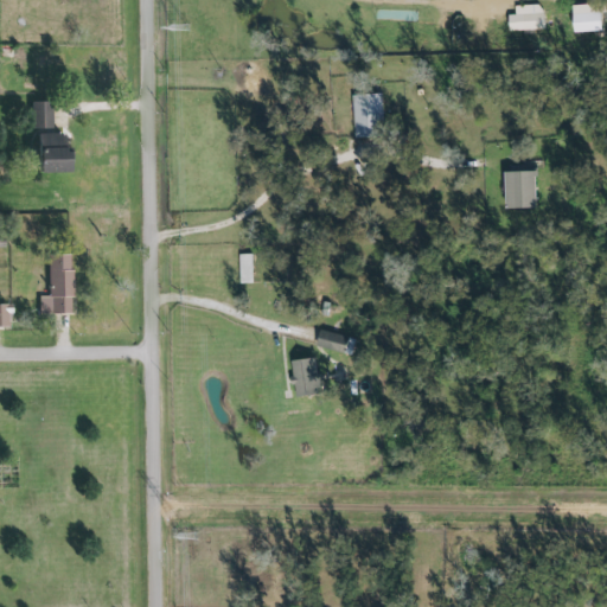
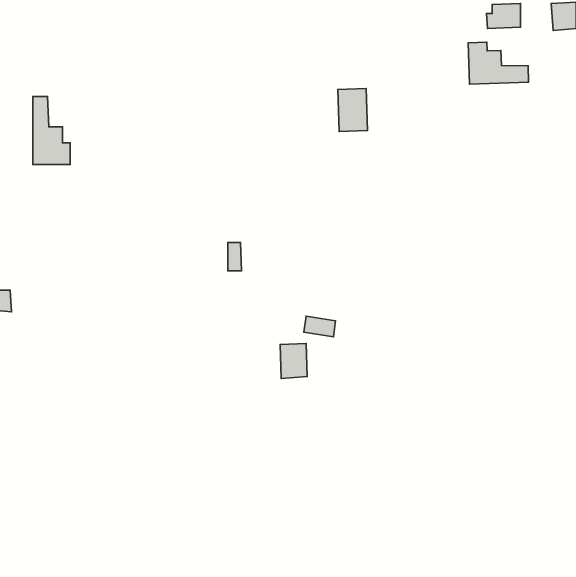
building: none -> [468,42,529,84]
building: [509,171,539,209] -> none
building: [37,255,71,312] -> none

